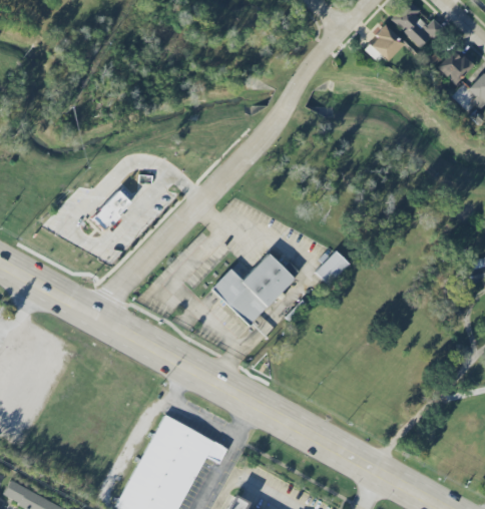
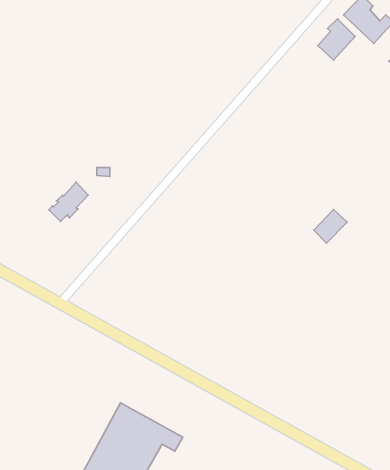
building: [315,251,349,286] -> [314,210,347,243]
building: [211,254,294,325] -> none

